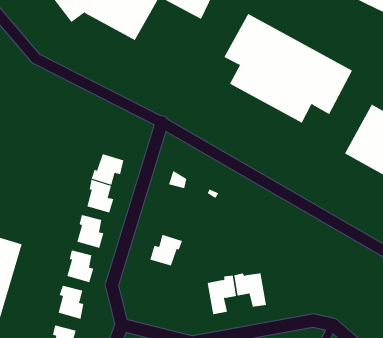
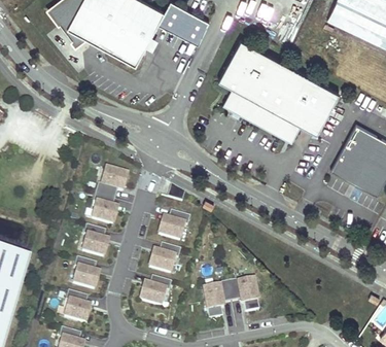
building: none -> [159,212,189,242]
building: none -> [140,278,171,307]

